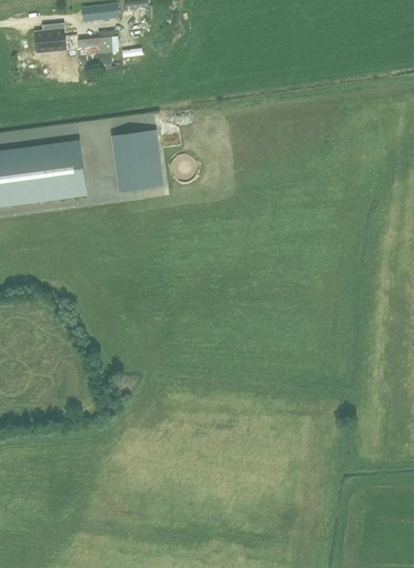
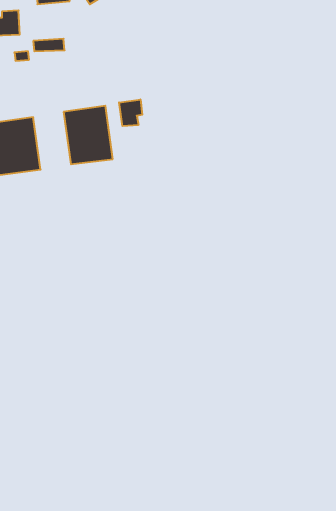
building: [78,36,119,54] -> none
building: none -> [119,99,142,126]

